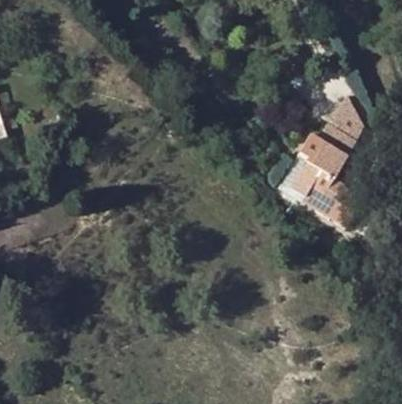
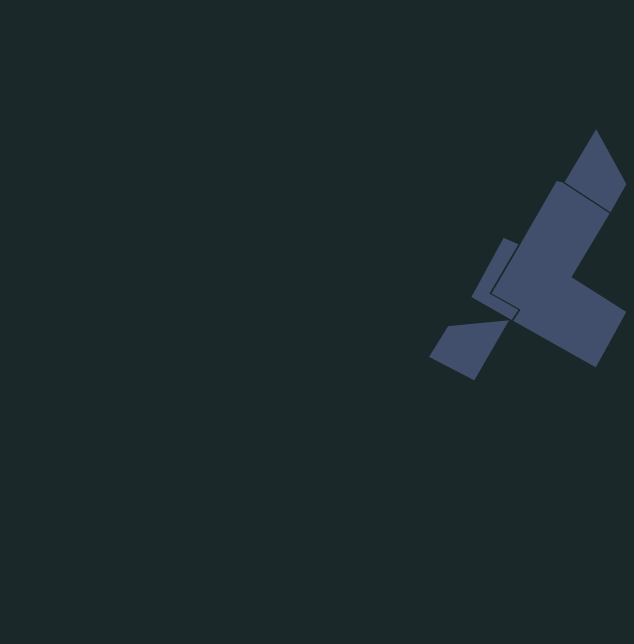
building: none -> [428,320,510,381]

